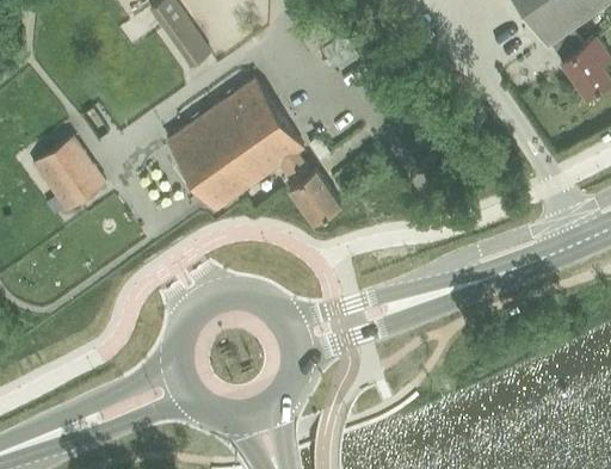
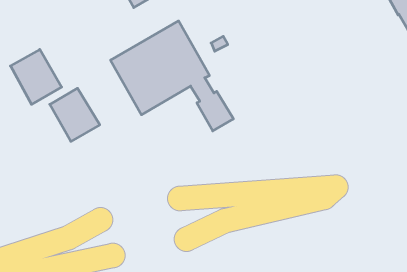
building: none -> [50,88,100,141]

